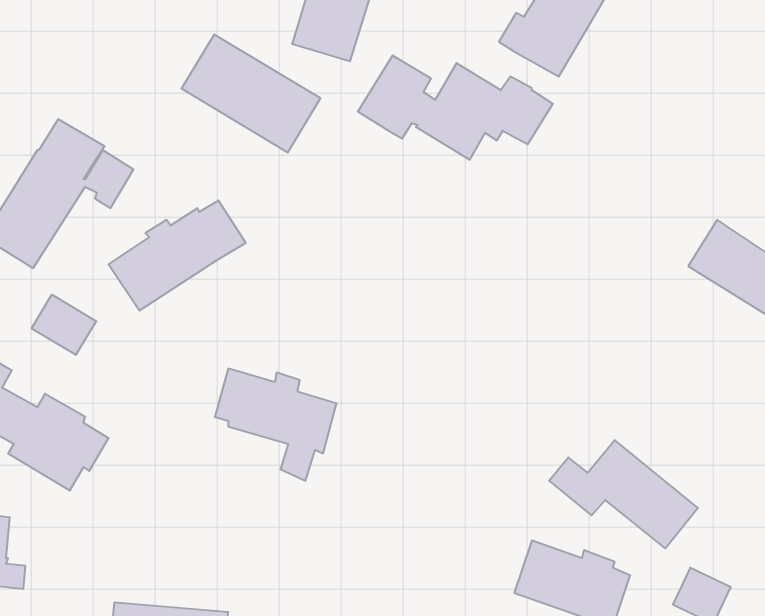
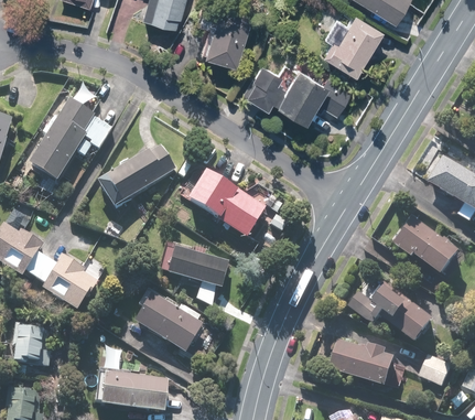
building: [181,34,321,152] -> [186,171,266,238]
building: [32,295,96,355] -> none
building: none -> [393,216,460,276]
building: none -> [132,292,203,353]

